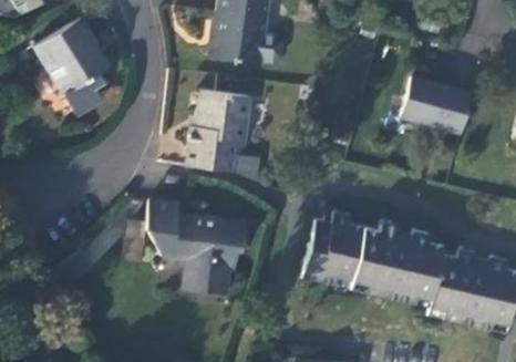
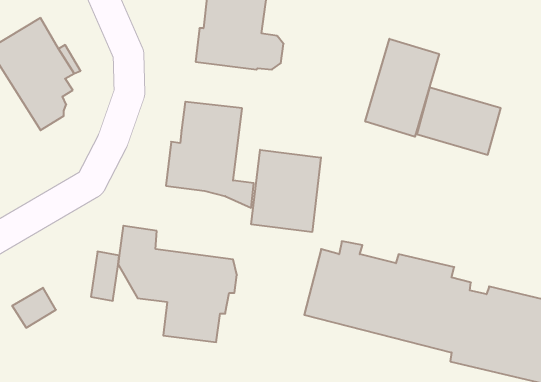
building: none -> [365,39,439,137]
building: none -> [251,150,321,232]

